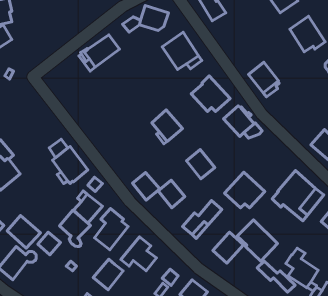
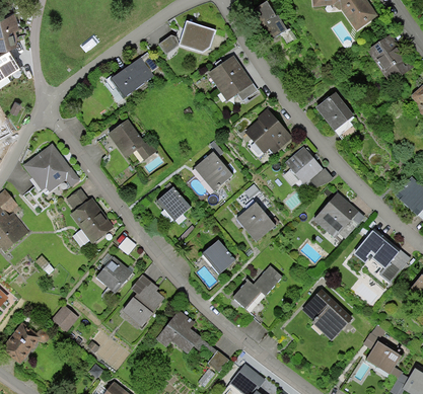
building: none -> [107,120,156,161]
building: none -> [22,144,80,195]
building: [224,172,265,208] -> [313,193,364,238]
building: [132,173,160,200] -> [156,187,191,222]
building: [59,210,90,247] -> none
building: [7,216,40,248] -> none
building: [213,232,243,263] -> none
building: [93,259,123,290] -> none
building: [257,261,295,292] -> none

